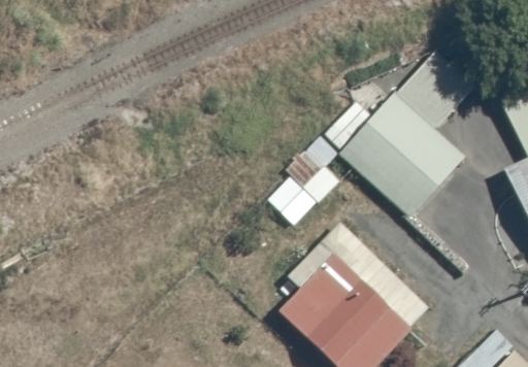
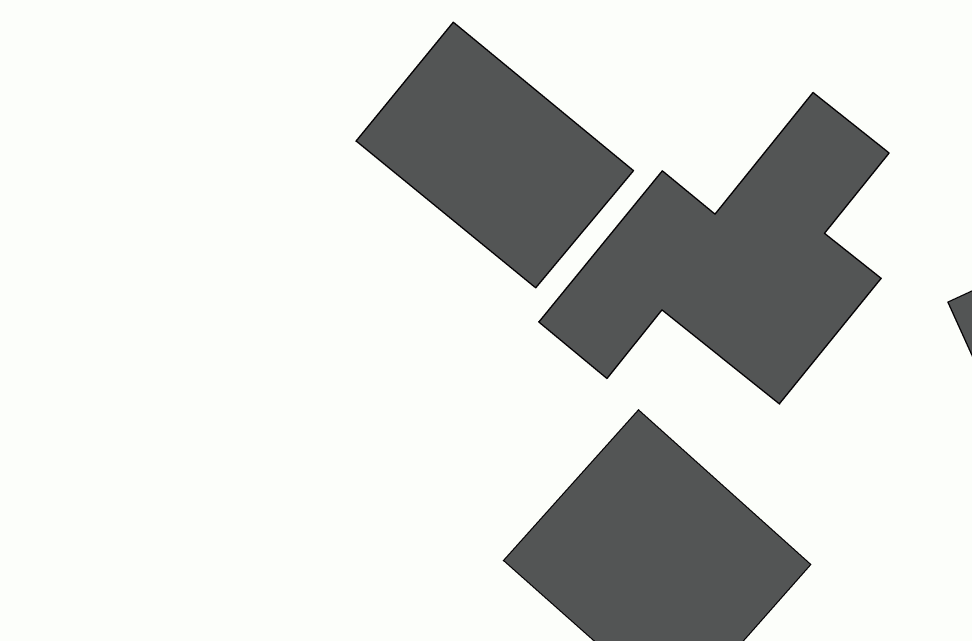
building: none -> [356,22,633,288]

